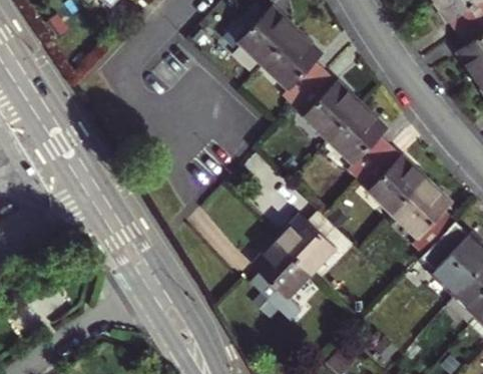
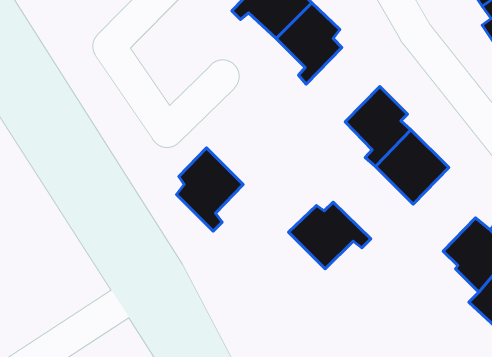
building: [297,72,363,139] -> none
building: [393,180,453,256] -> none
building: [254,239,314,314] -> [177,148,243,231]

